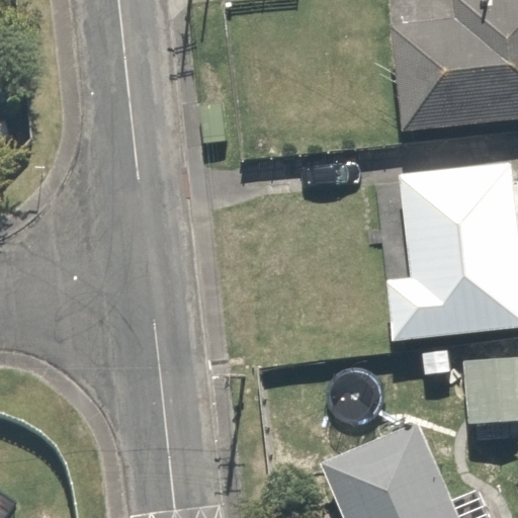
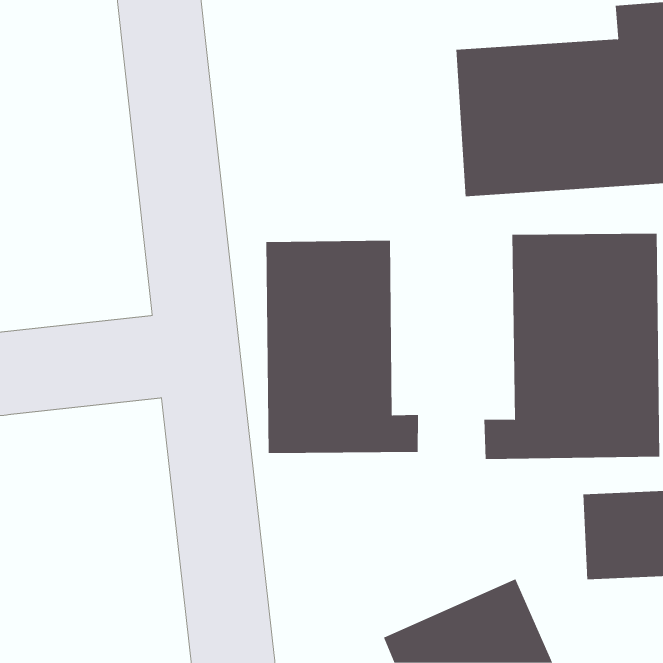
building: none -> [266,240,419,454]

